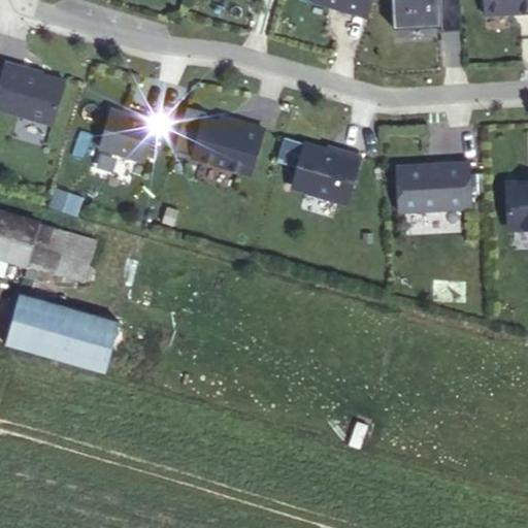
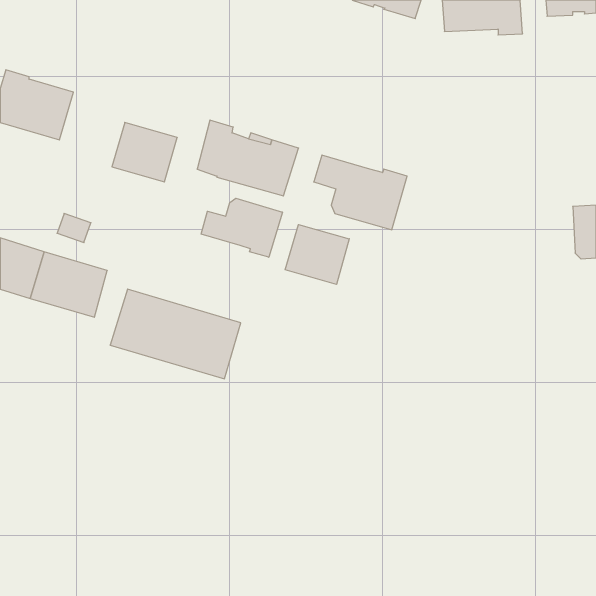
building: [396,162,472,211] -> none
building: none -> [201,198,282,257]
building: none -> [285,225,349,284]
building: [4,292,120,371] -> [110,289,241,379]

